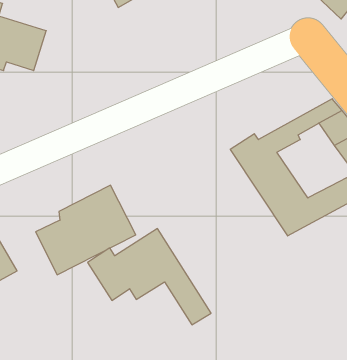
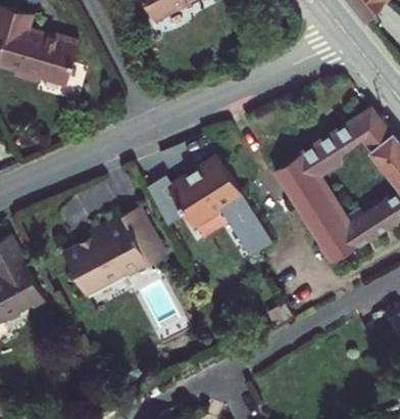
building: [88,229,211,325] -> [141,152,270,253]

